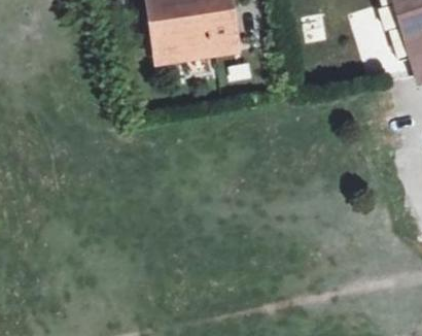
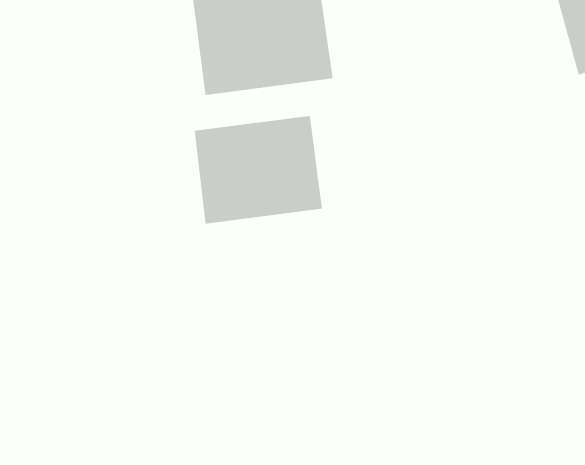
building: none -> [194,115,322,225]

